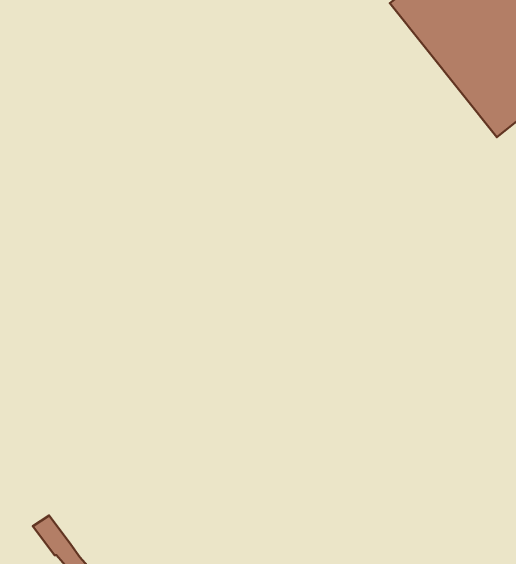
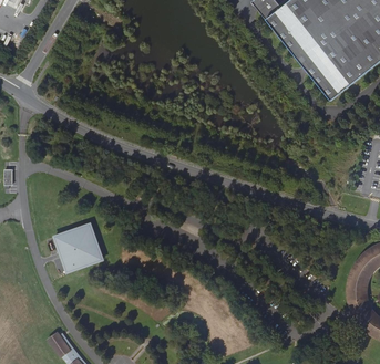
building: none -> [57,225,106,274]

